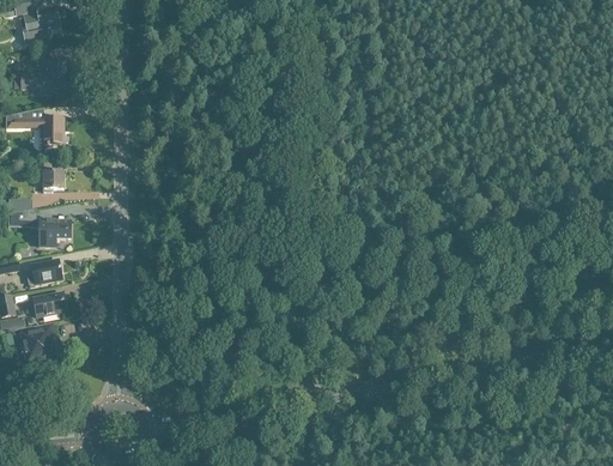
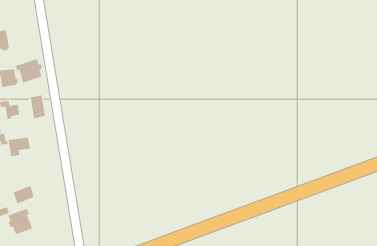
building: none -> [15,58,43,83]
building: none -> [30,94,46,119]
building: [30,259,60,282] -> none

